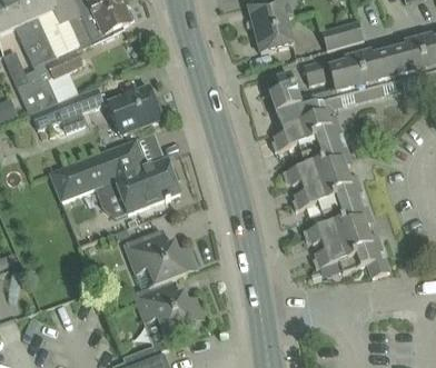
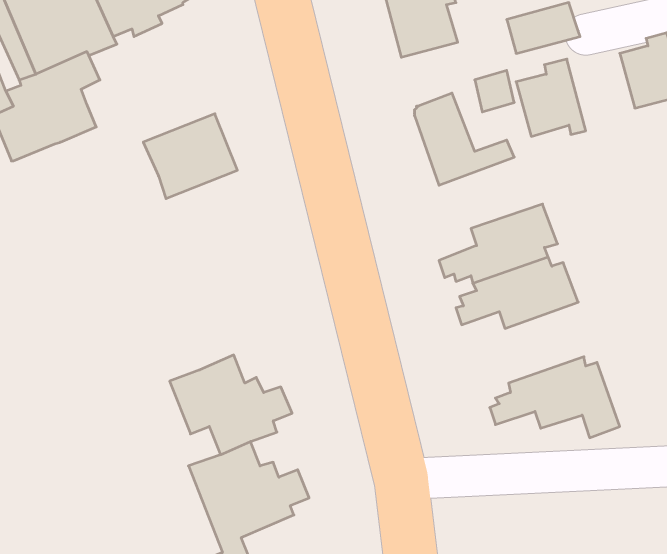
building: [358,49,398,96] -> none
building: [31,87,105,131] -> none
building: [271,111,344,153] -> none
building: [50,138,180,217] -> none
building: [303,197,373,245] -> none

